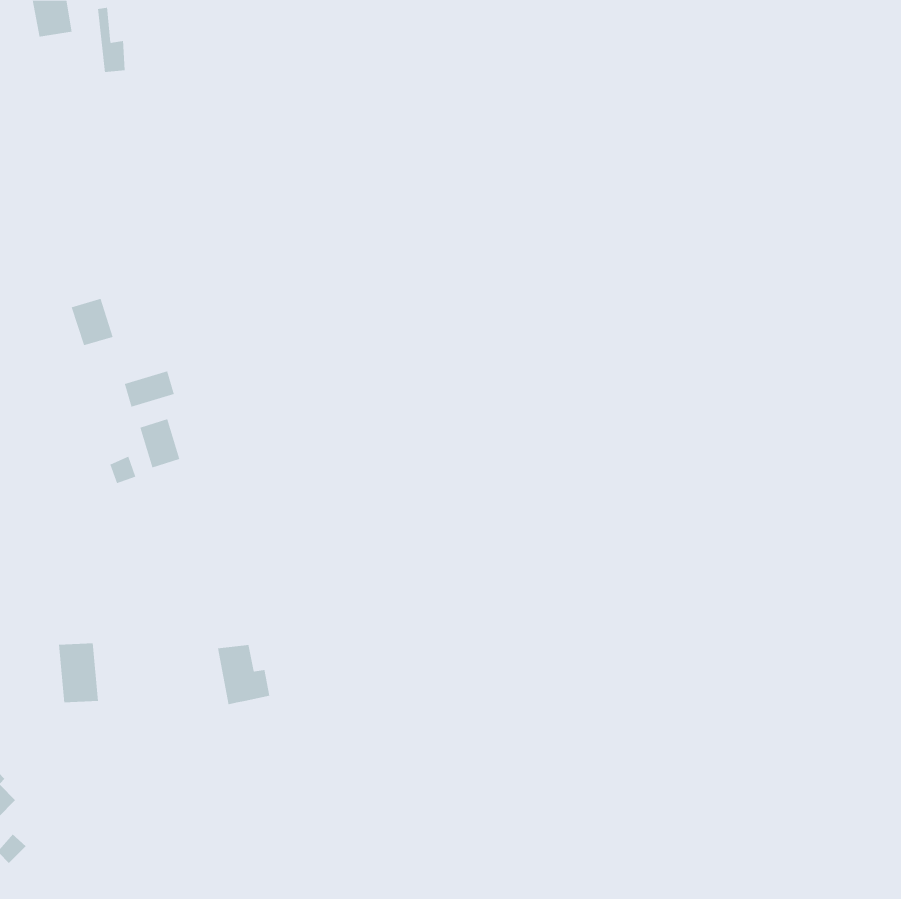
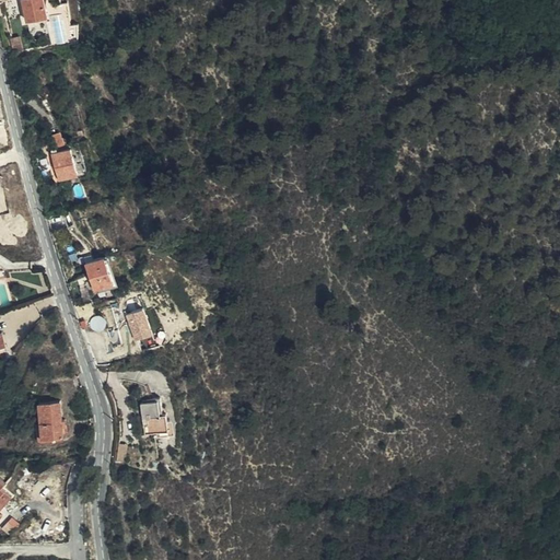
building: [71,298,113,346] -> [50,149,77,178]
building: [124,370,175,408] -> none
building: none -> [126,308,153,341]

